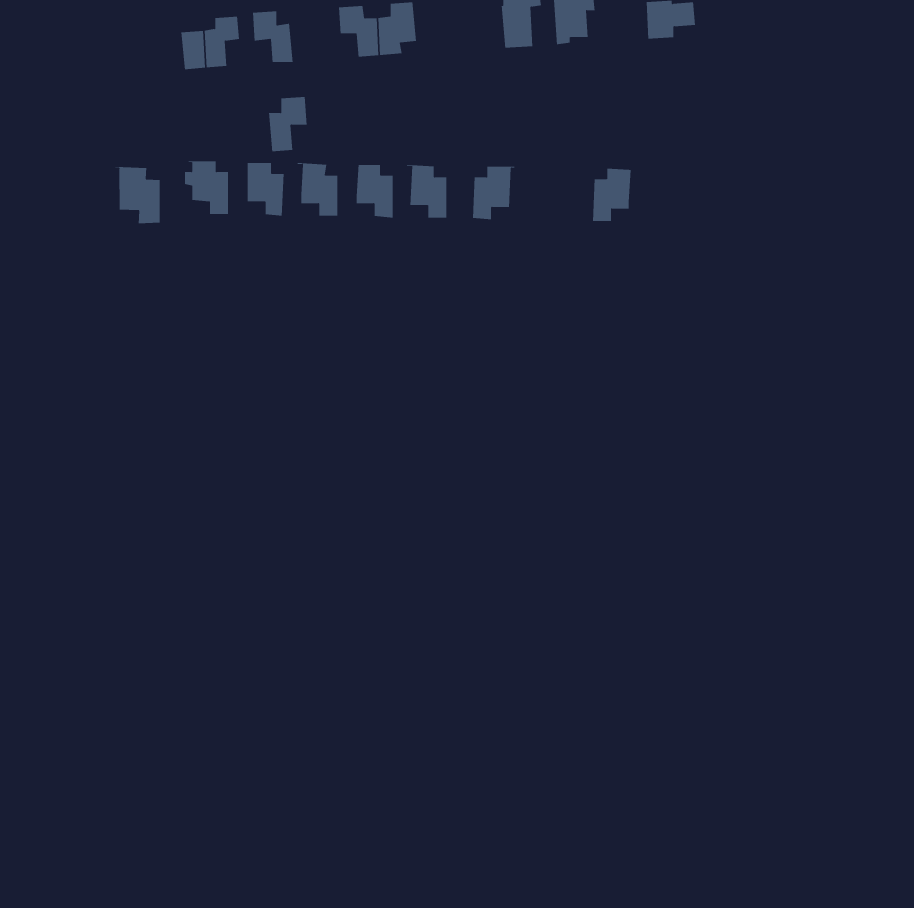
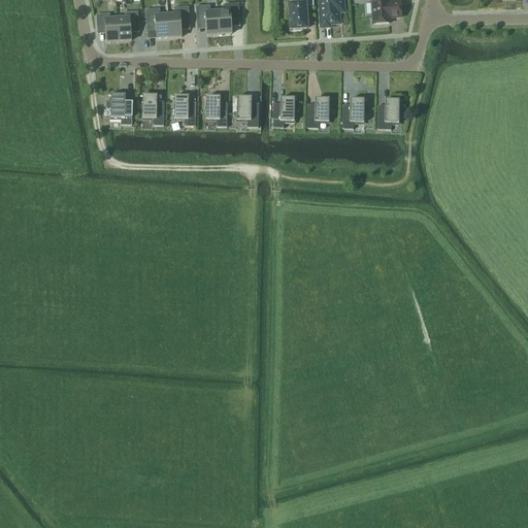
building: [268,96,307,152] -> [167,4,190,36]
building: [115,166,160,224] -> none
building: none -> [306,97,331,127]
building: none -> [376,98,401,129]

